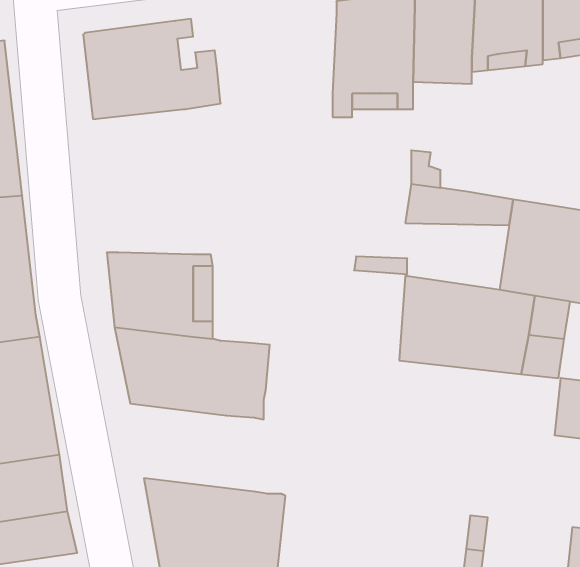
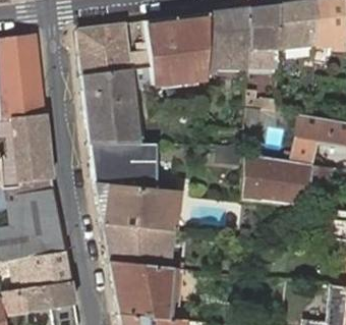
building: none -> [145,19,209,85]
building: none -> [82,69,137,145]
building: none -> [102,222,180,269]

